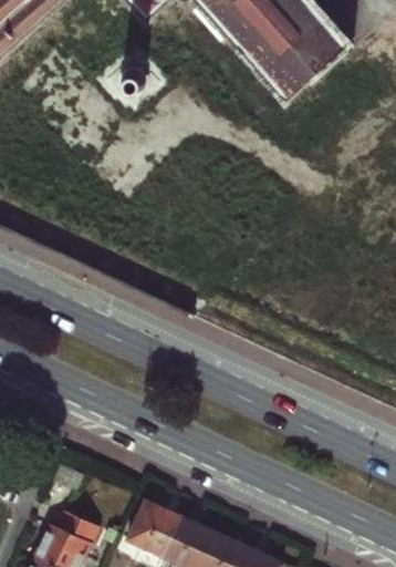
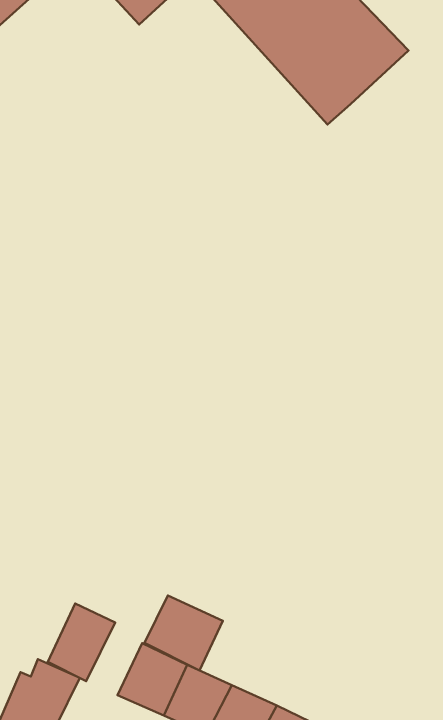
building: none -> [145,595,223,670]
building: none -> [48,604,115,681]

